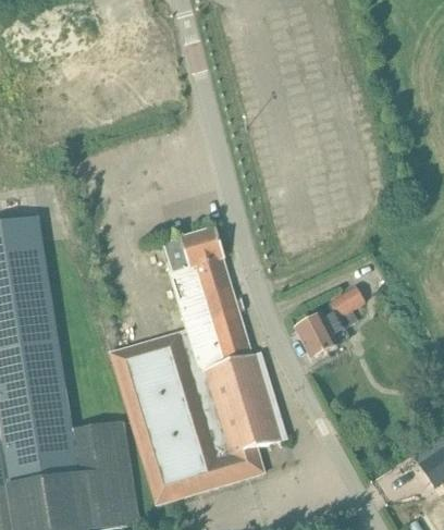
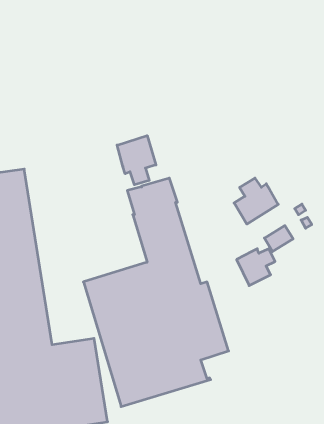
building: none -> [117,136,156,185]
building: none -> [234,178,278,224]

